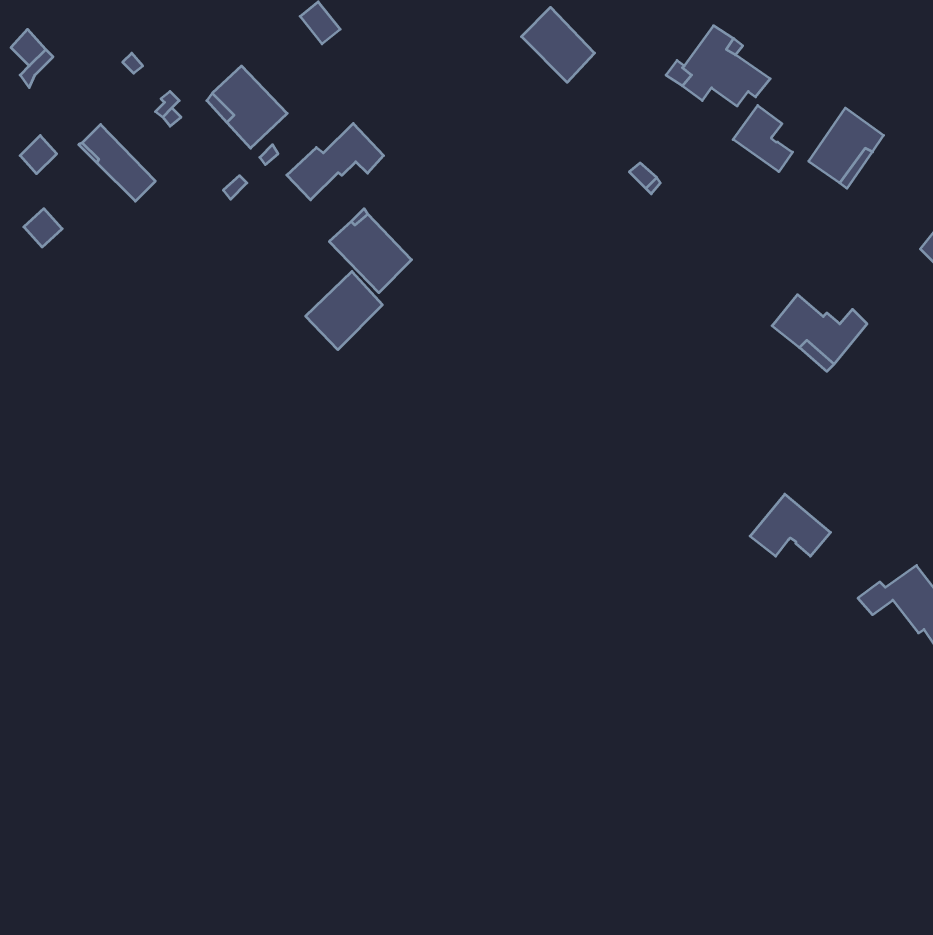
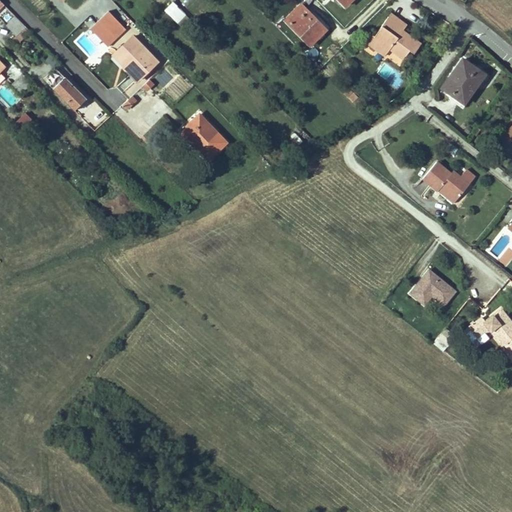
building: none -> [90,11,126,47]
building: [733,105,793,172] -> none
building: [287,123,384,200] -> none
building: [306,271,382,350] -> none

